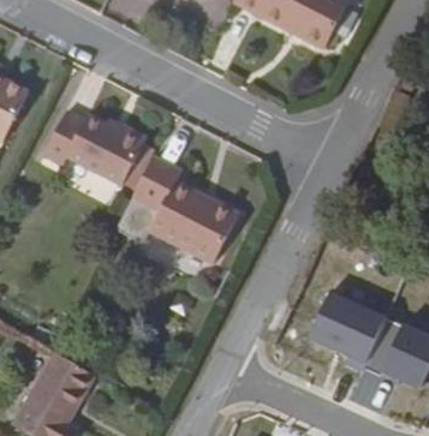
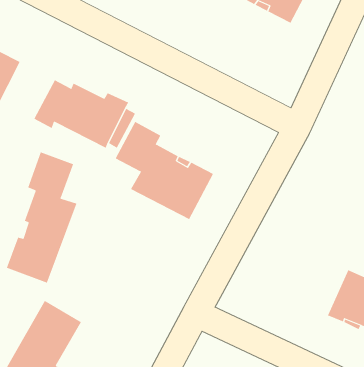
building: none -> [6,152,77,283]
building: [308,291,386,370] -> none

